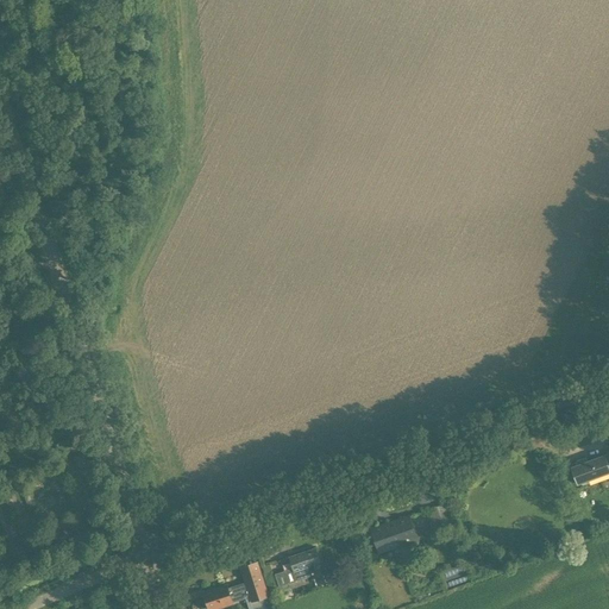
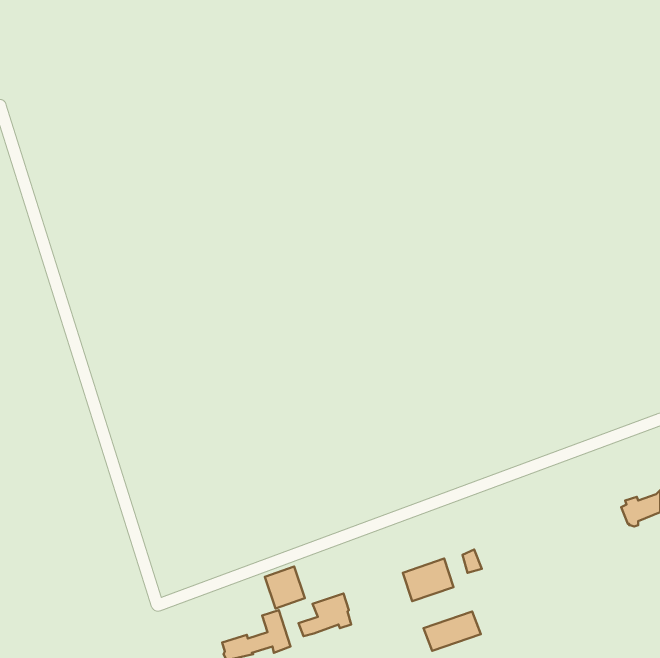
building: none -> [265,567,305,609]
building: none -> [423,611,481,651]

